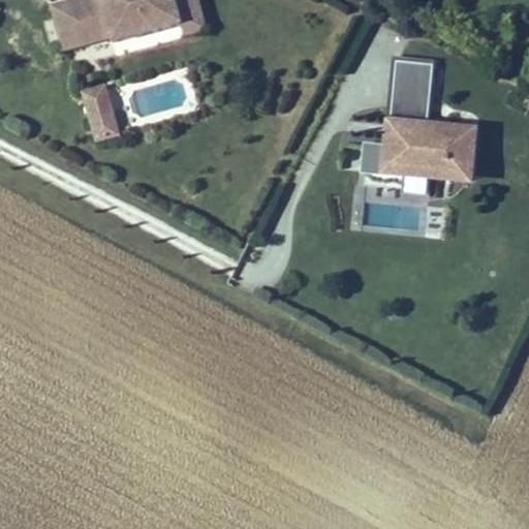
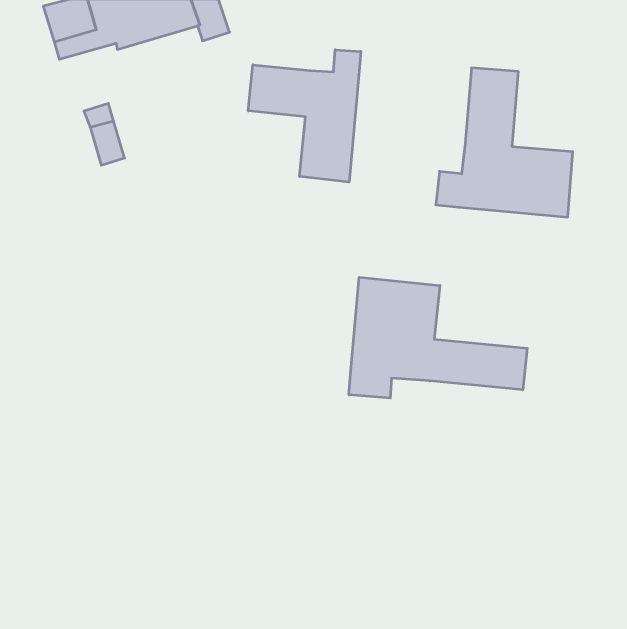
building: none -> [248,50,361,182]
building: none -> [349,277,527,398]

